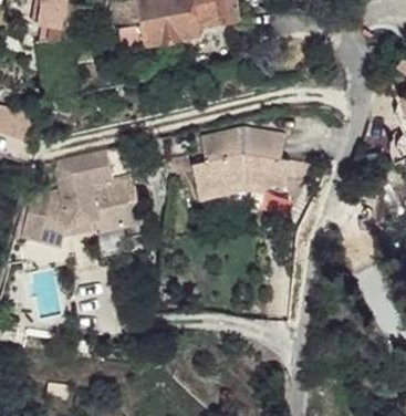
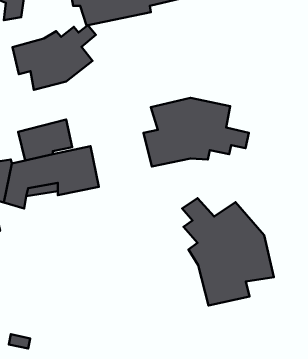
building: none -> [12,25,96,90]
building: none -> [182,198,274,305]

